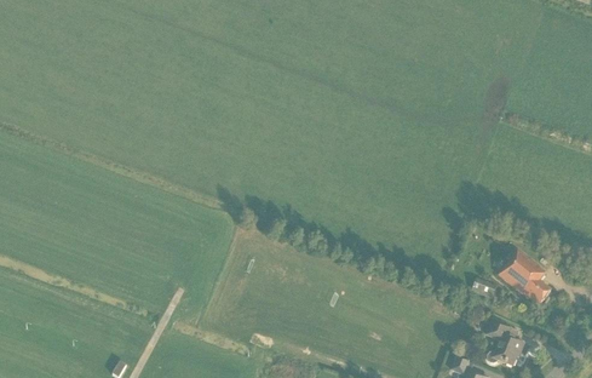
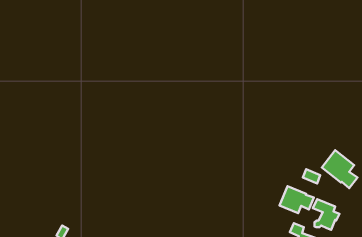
building: none -> [279,186,314,213]

